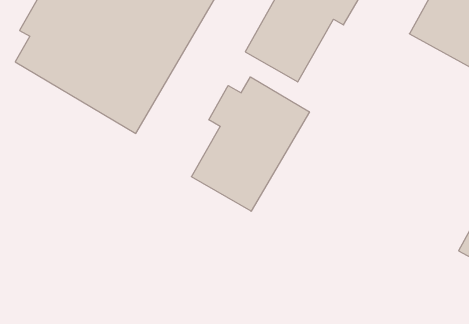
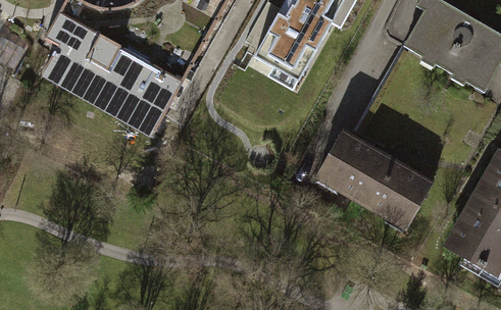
building: [191,77,309,211] -> none
building: none -> [315,127,433,224]

